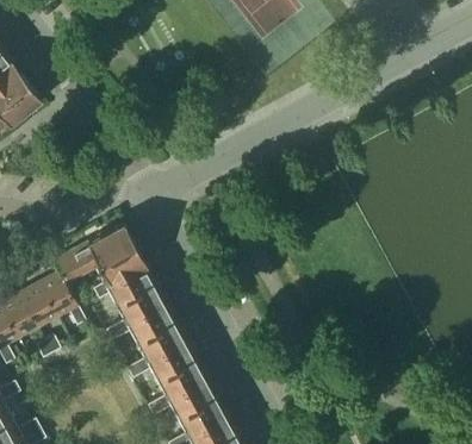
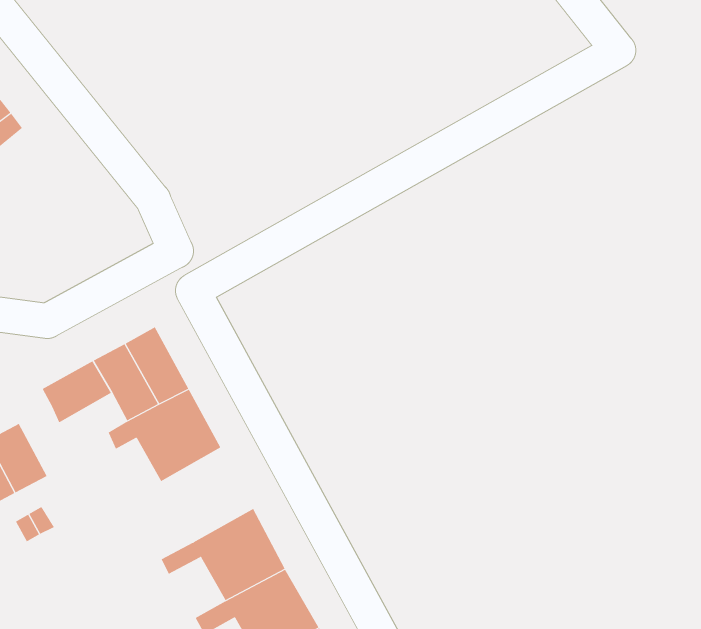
building: [37,274,82,325] -> none
building: [106,300,185,359] -> none

